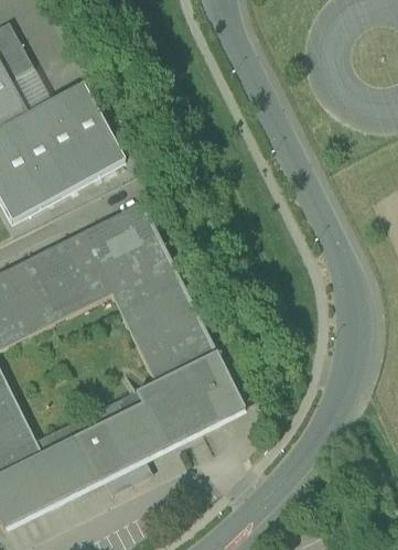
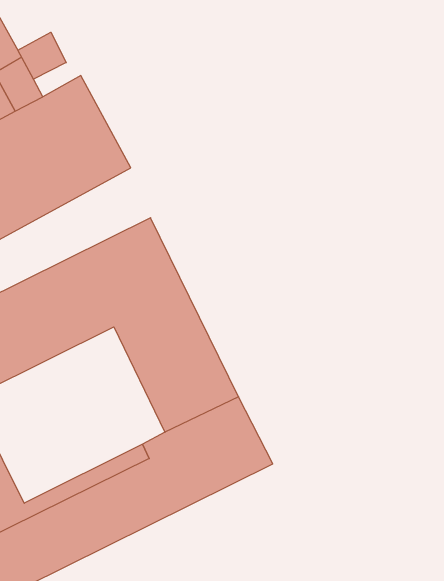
building: none -> [18,32,66,79]

